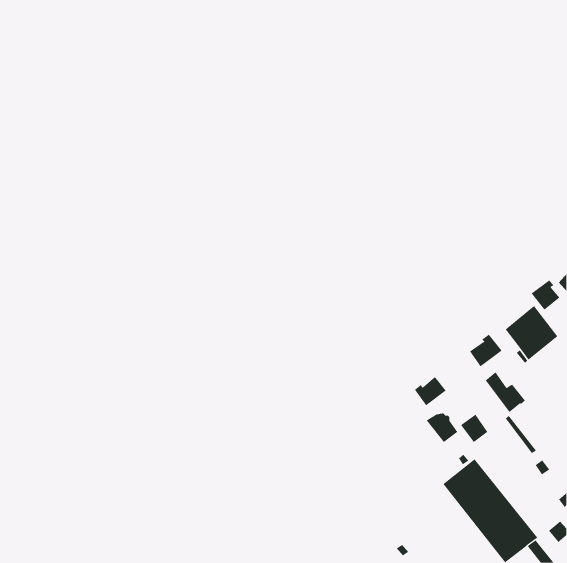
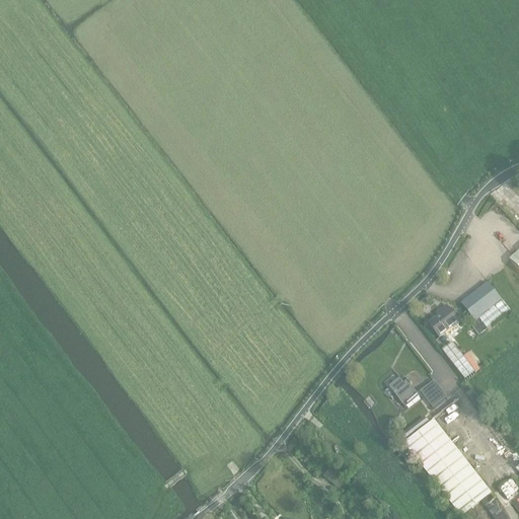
building: [531,279,560,310] -> none
building: [414,376,446,406] -> none

